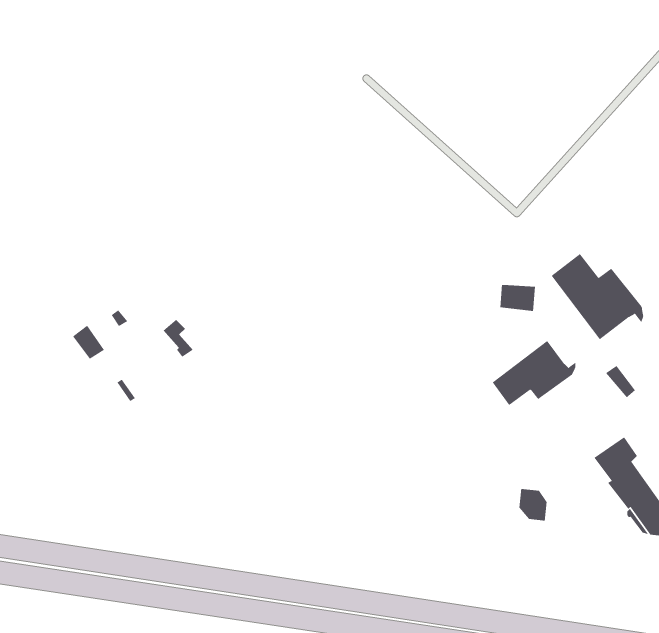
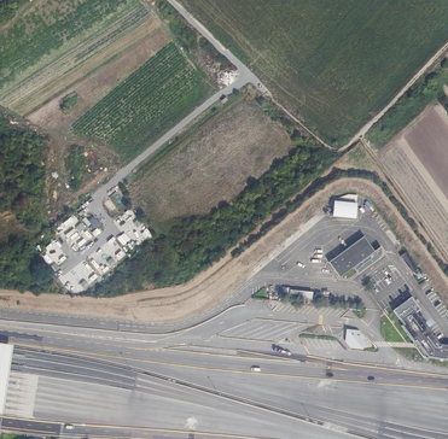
building: [551,253,644,340] -> none

